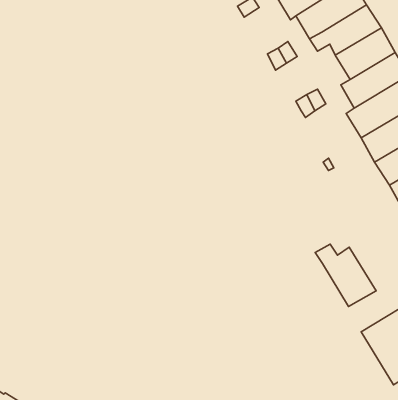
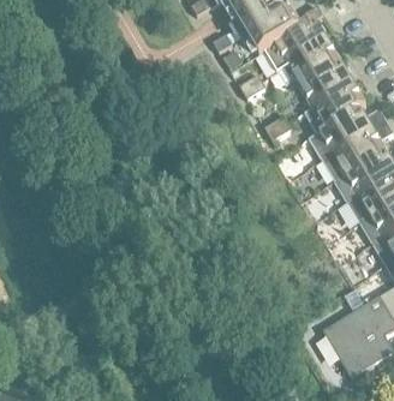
building: [315,244,376,307] -> none

